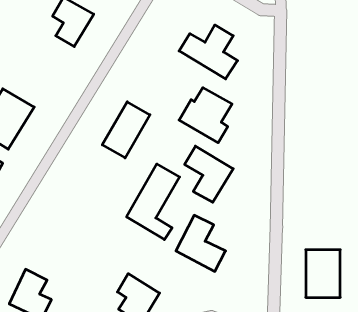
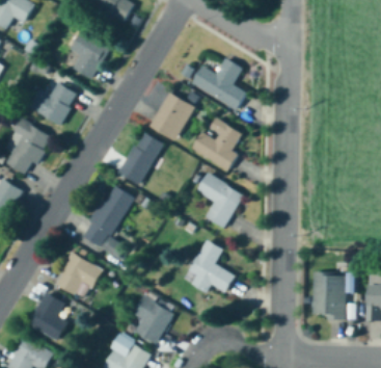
building: none -> [29,82,77,125]
building: none -> [149,90,195,141]
building: [127,164,180,240] -> [82,185,133,258]
building: none -> [55,253,101,299]

